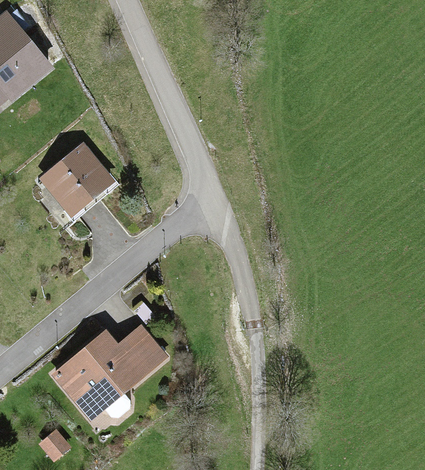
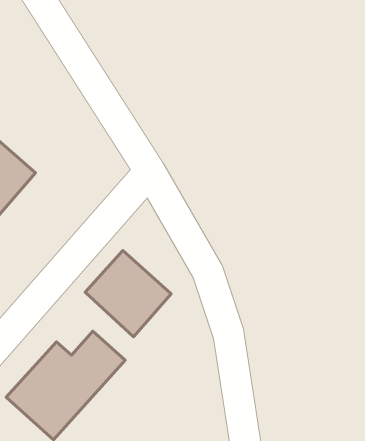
building: none -> [85,250,171,337]

